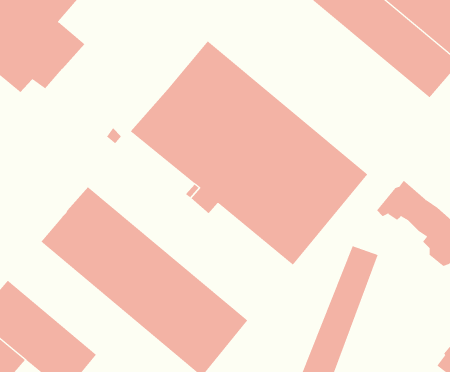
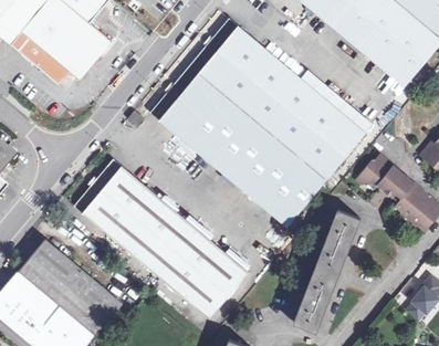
building: none -> [216,20,365,150]

